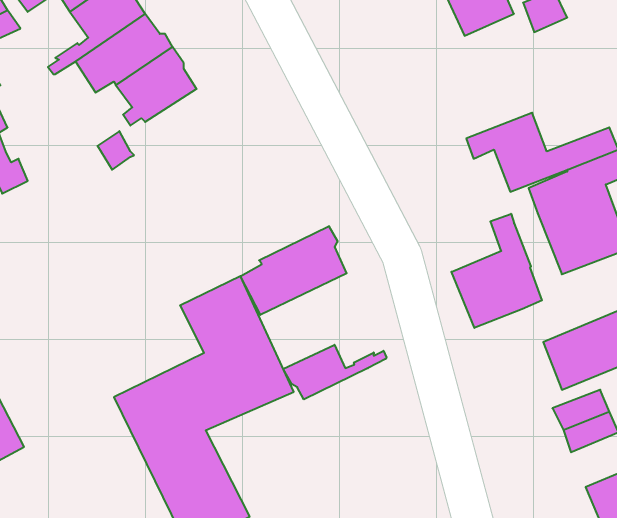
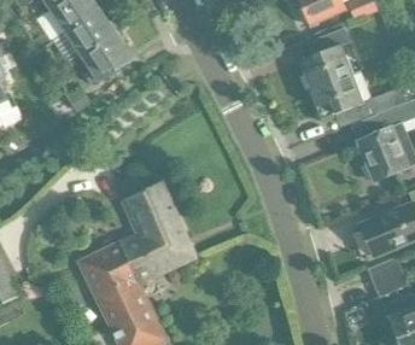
building: none -> [298,29,353,92]
building: [451,214,542,328] -> none
building: [241,226,347,315] -> none
building: [283,345,386,399] -> none

